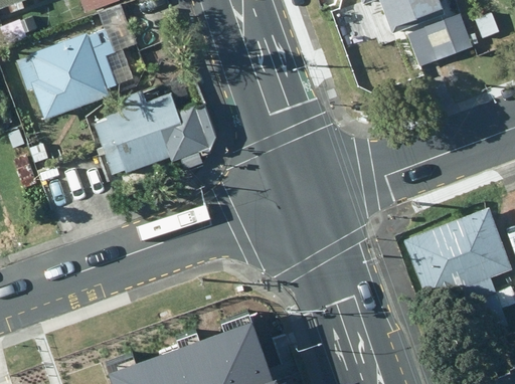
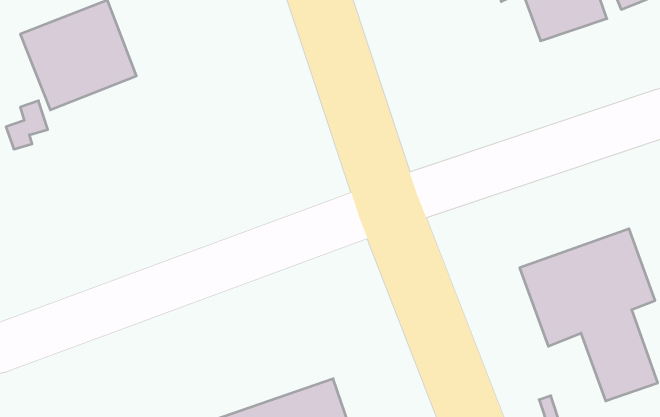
building: [89,95,220,180] -> none

